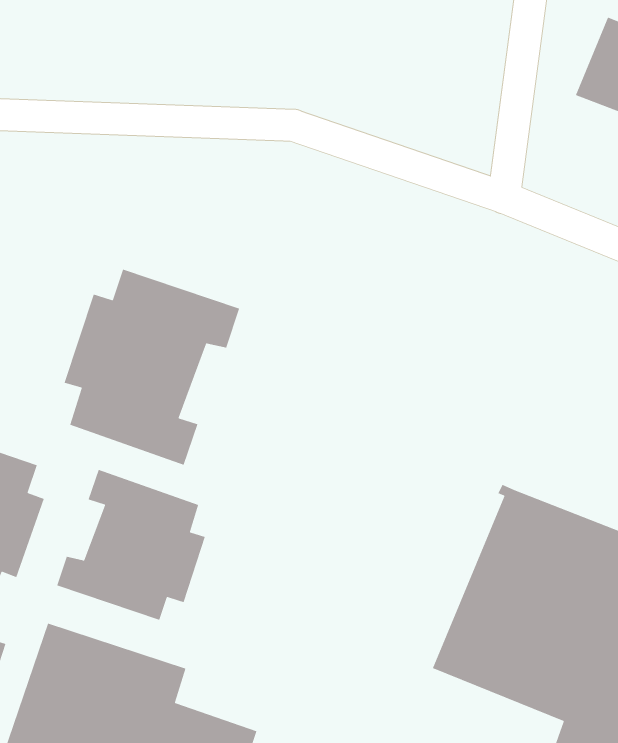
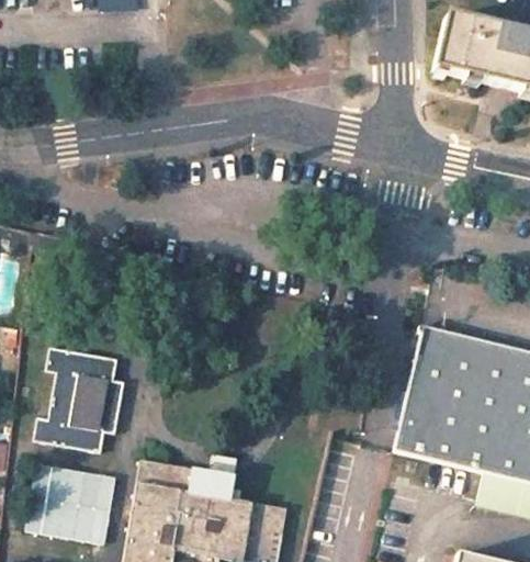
building: [64,268,240,466] -> none
building: [56,469,206,621] -> none

